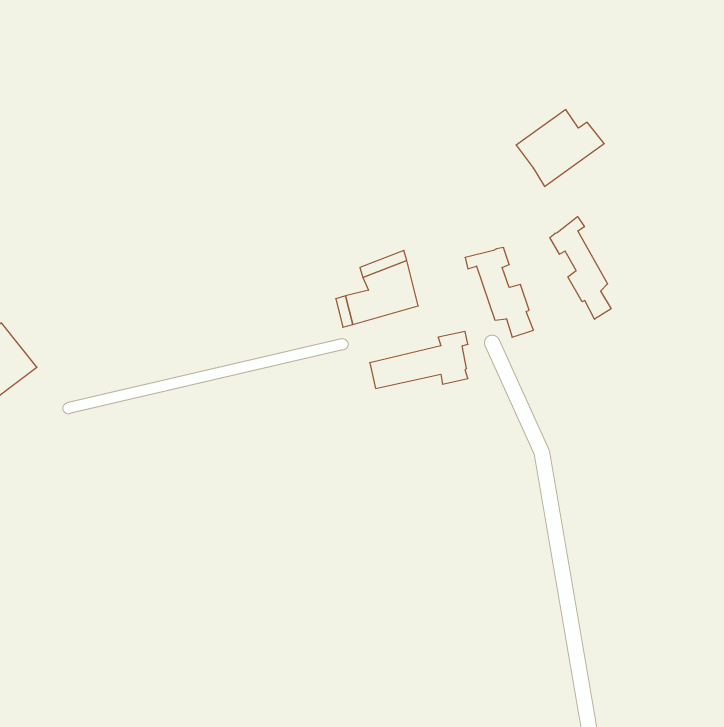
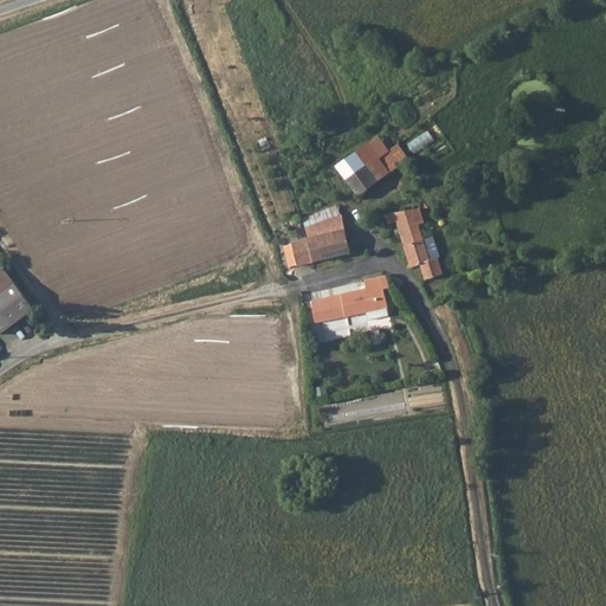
building: [516,110,604,186] -> [331,135,405,199]
building: [550,217,611,319] -> none

